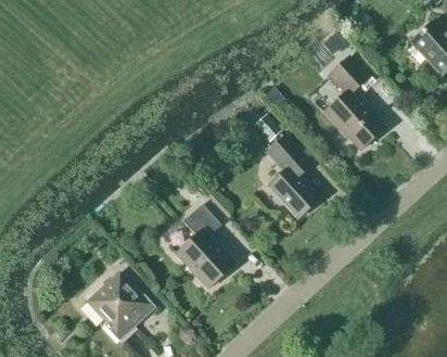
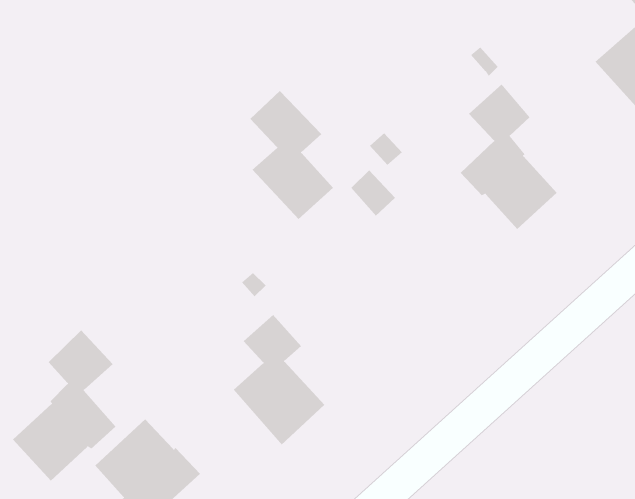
building: [265,136,319,219] -> [250,90,334,220]
building: none -> [12,329,117,482]

